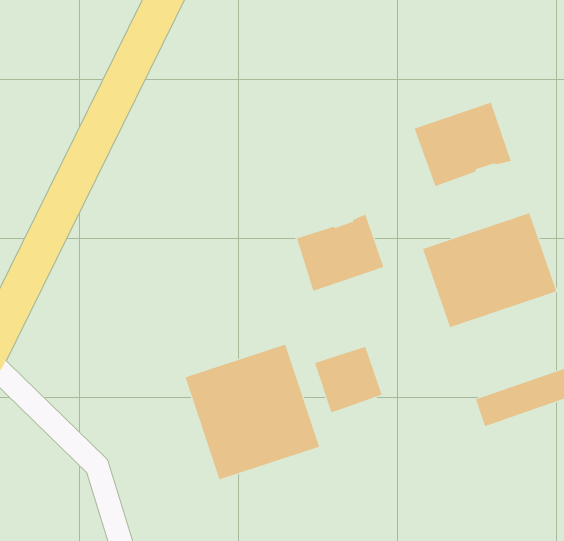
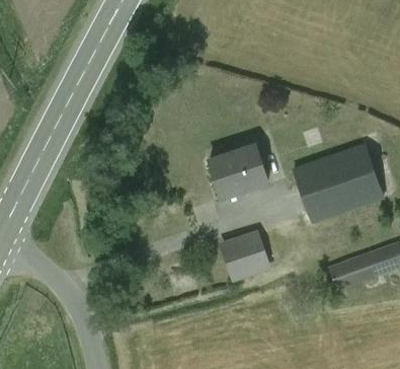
building: [414,102,511,187] -> none
building: [185,344,320,480] -> none

